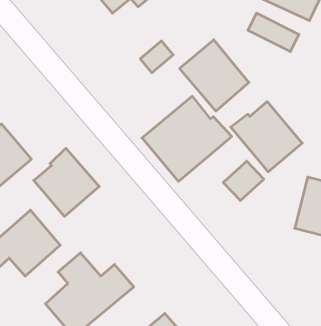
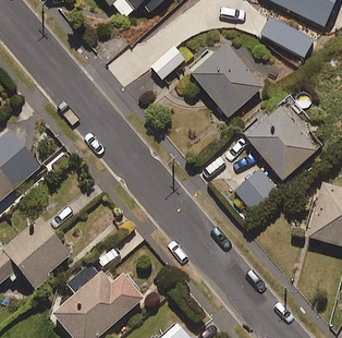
building: [142,96,232,181] -> none
building: [34,148,99,216] -> none

